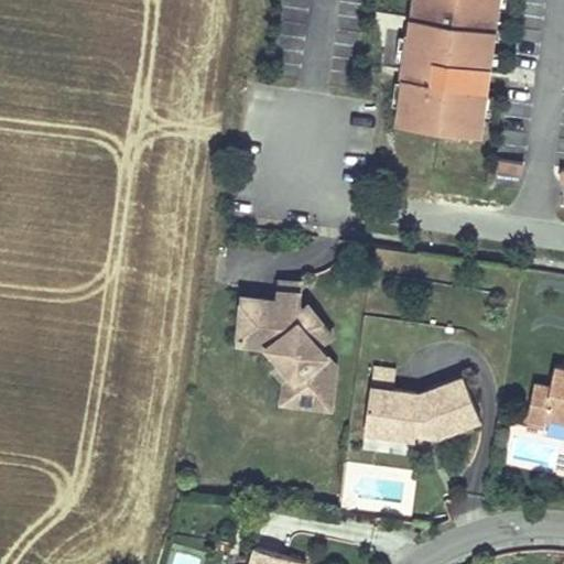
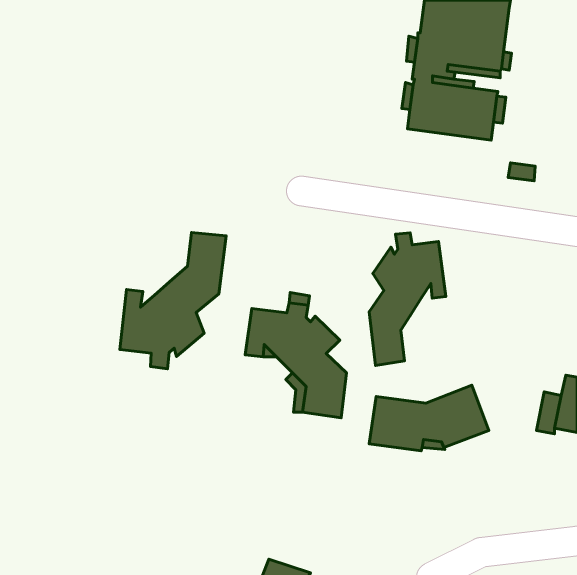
building: none -> [120,232,226,369]
building: none -> [369,233,446,365]

